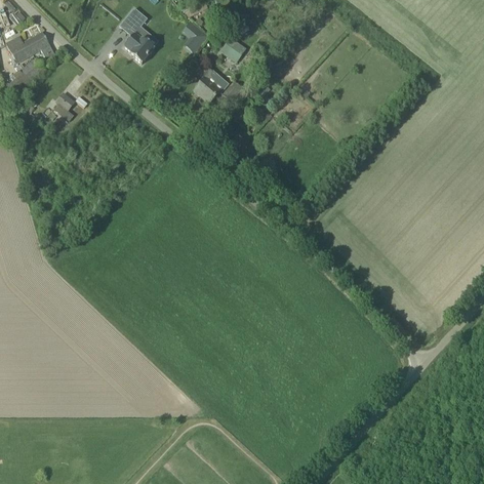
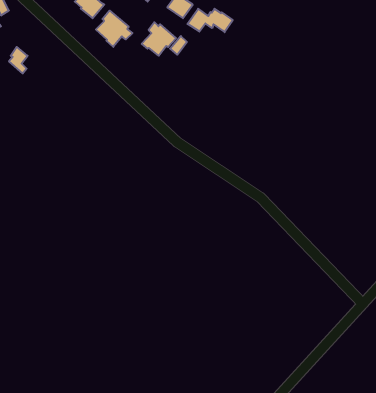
building: none -> [187,9,233,32]
building: none -> [96,11,132,47]

